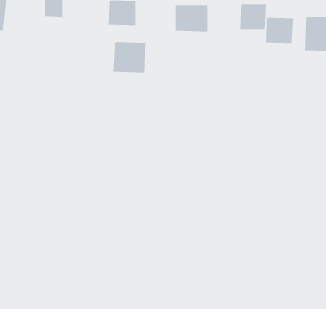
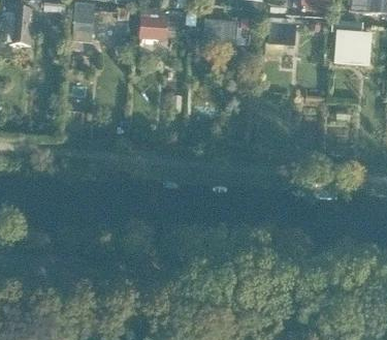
building: [266,17,294,44] -> none
building: [113,42,146,73] -> none

